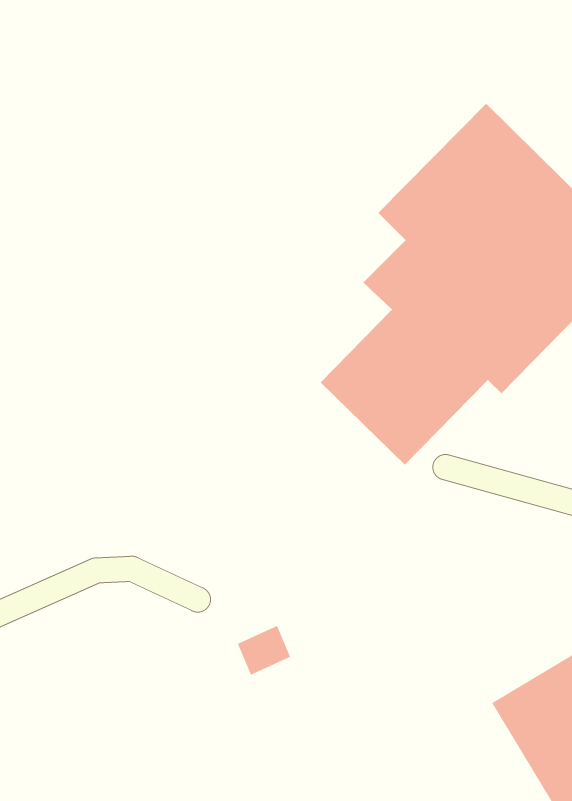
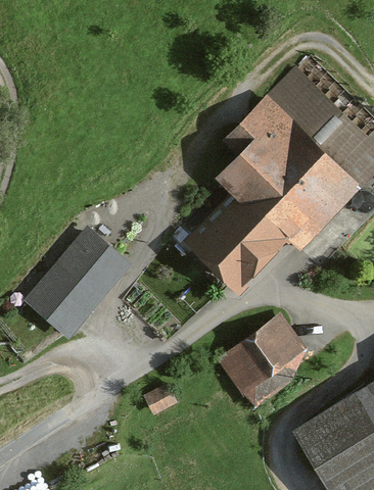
building: none -> [24,230,125,337]
building: none -> [216,320,299,407]

